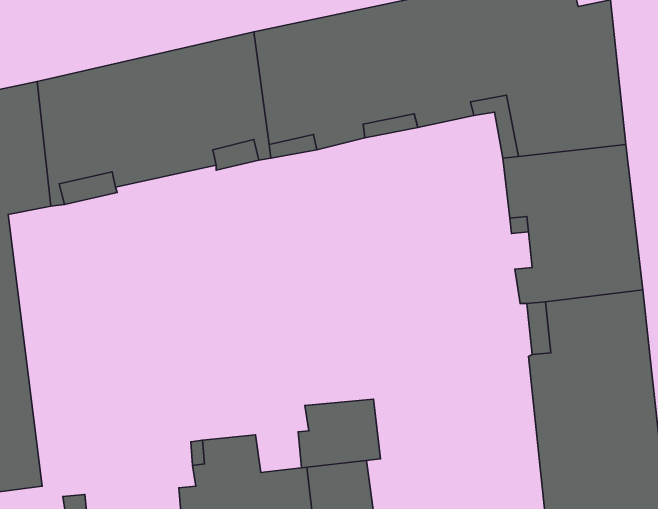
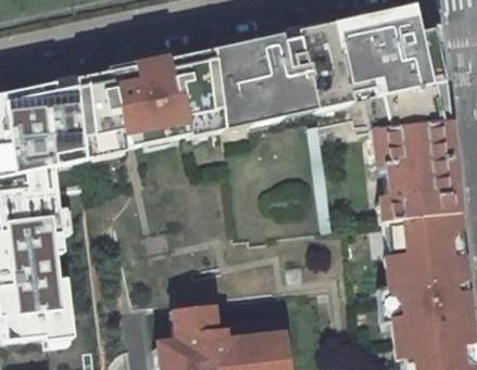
building: [298,399,381,468] -> none

